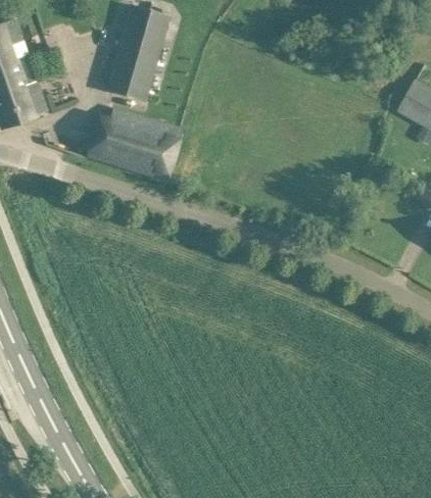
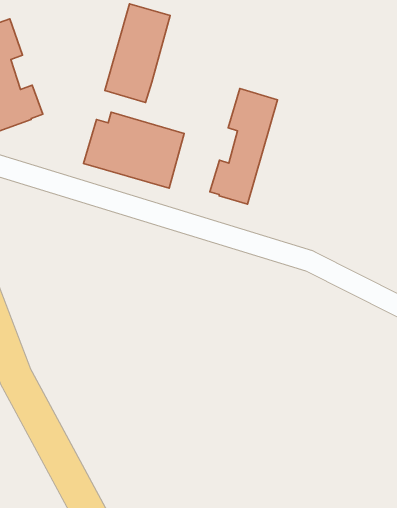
building: none -> [210,88,277,204]

